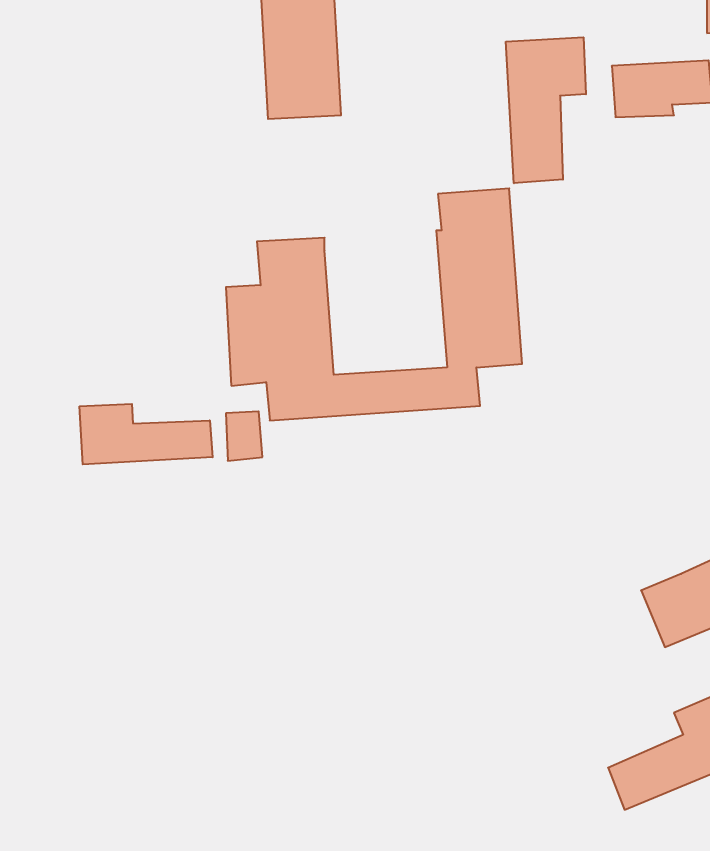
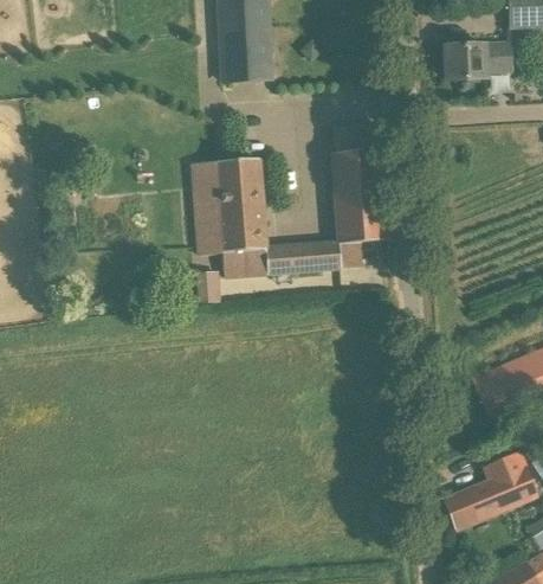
building: [506,37,586,183] -> none
building: [80,404,213,464] -> none

